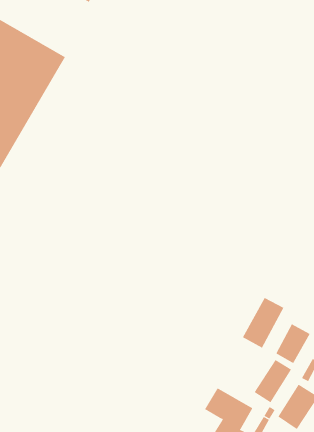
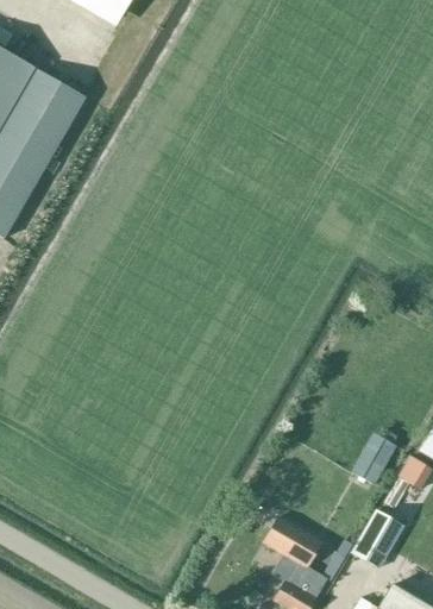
building: [242,297,284,348] -> none
building: [254,359,292,403] -> none

